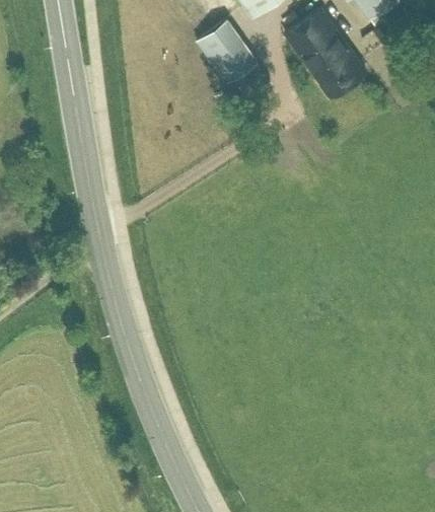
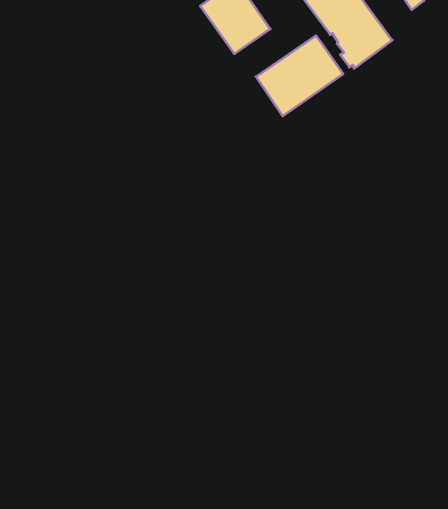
building: none -> [256,36,343,116]

